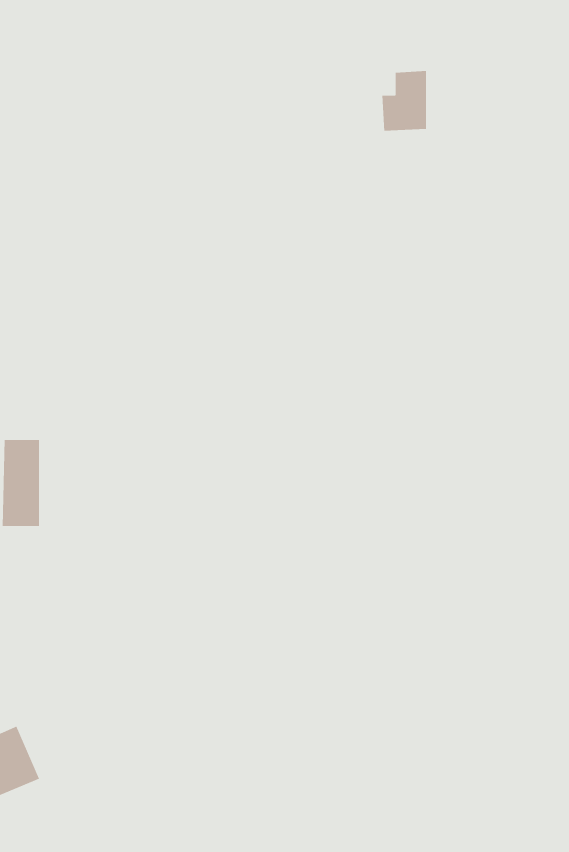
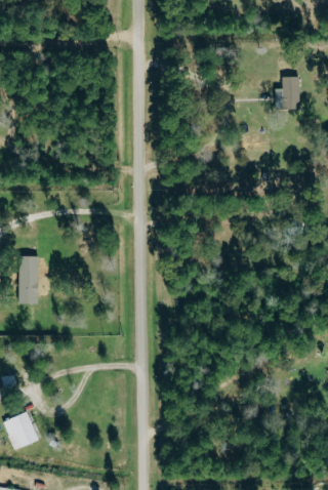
building: [381,70,427,131] -> [275,76,299,109]

